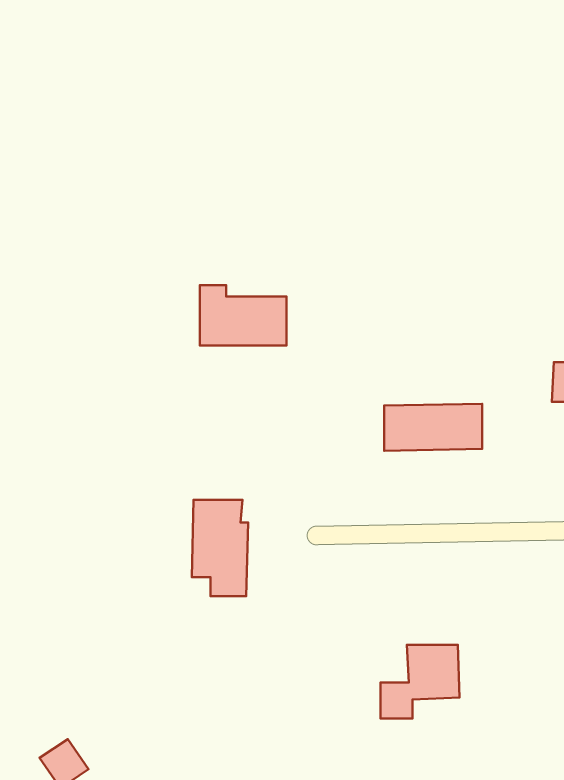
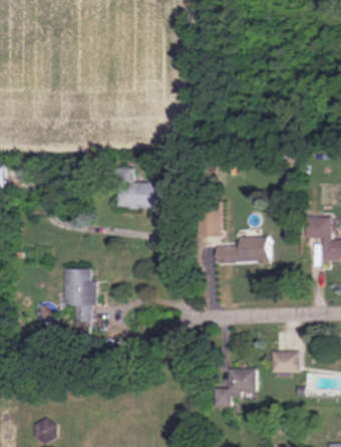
building: [192,500,248,596] -> [64,268,94,319]
building: none -> [271,351,299,372]

